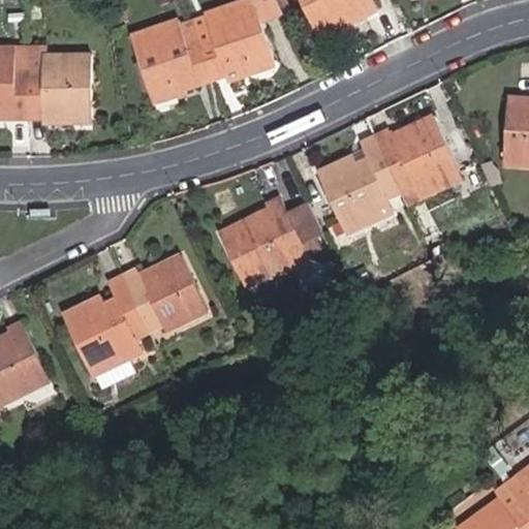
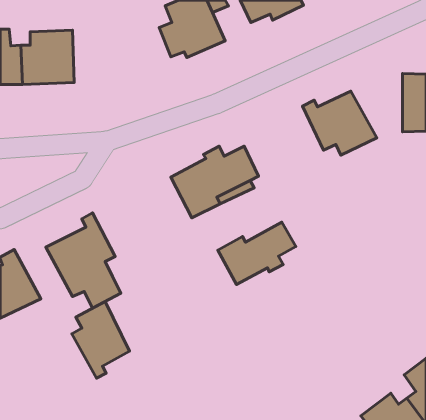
building: [128,22,212,110] -> none
building: [319,139,401,237] -> none
building: [115,251,204,325] -> none
building: none -> [218,222,296,284]
building: none -> [72,301,129,378]

